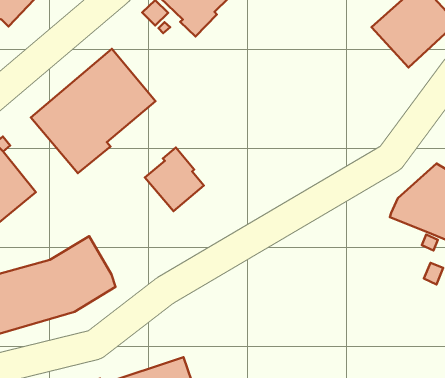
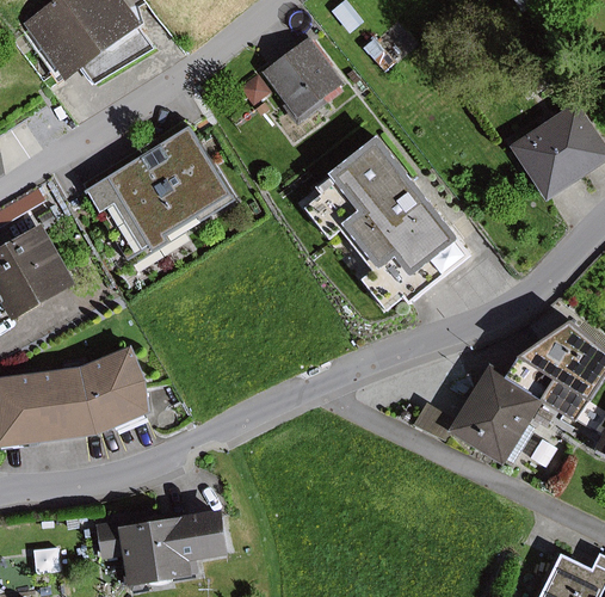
building: none -> [304,135,476,309]
building: [145,148,204,211] -> none
building: none -> [412,364,538,463]

